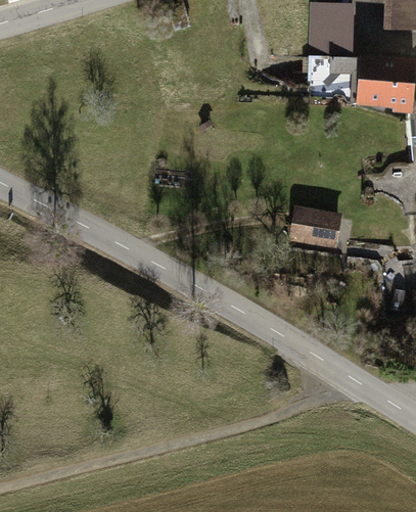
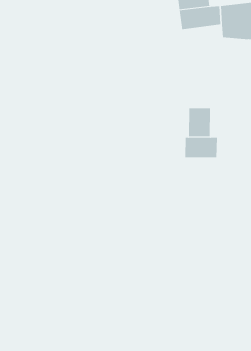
building: none -> [189,107,211,137]

